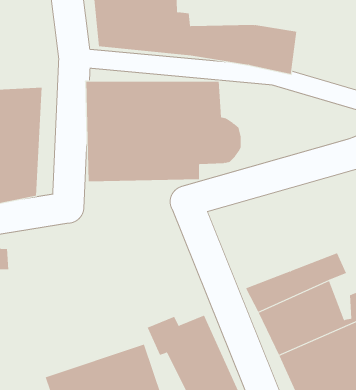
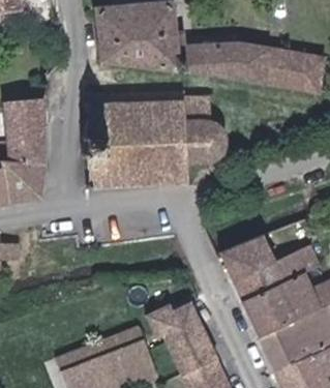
building: none -> [271,49,322,92]
building: none -> [217,237,270,278]

